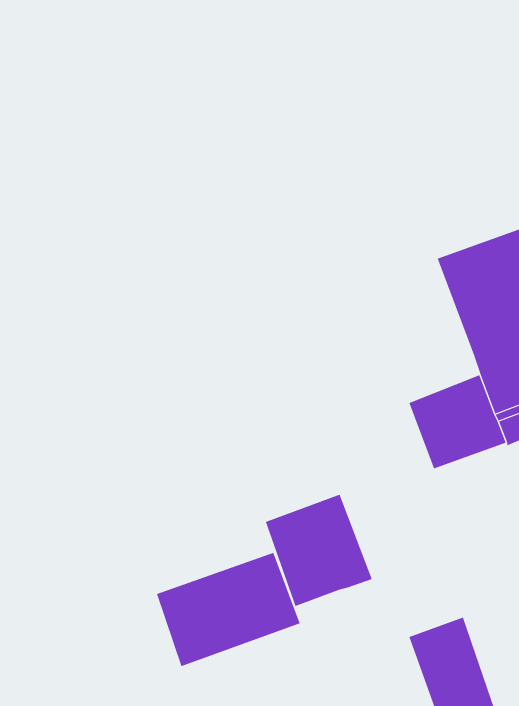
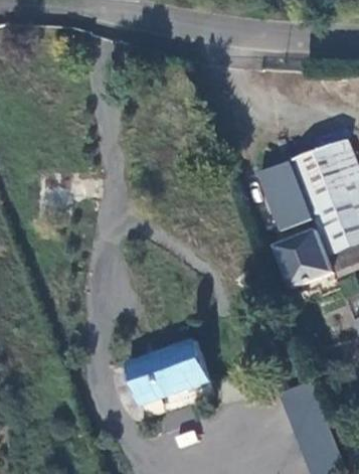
building: none -> [261,159,317,230]
building: [265,494,372,607] -> none

